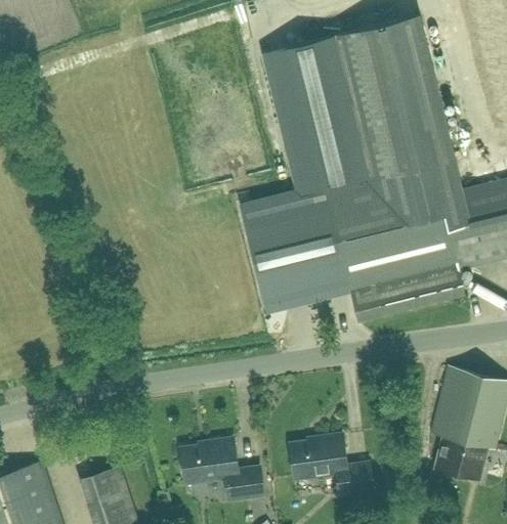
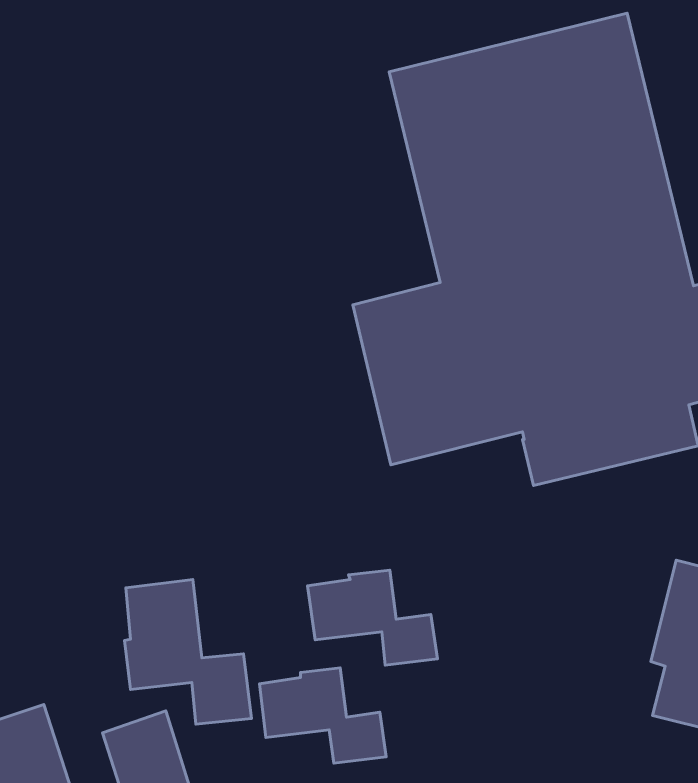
building: none -> [125,579,251,724]
building: [289,435,373,496] -> [307,570,437,665]

